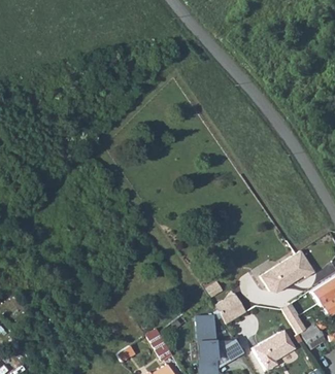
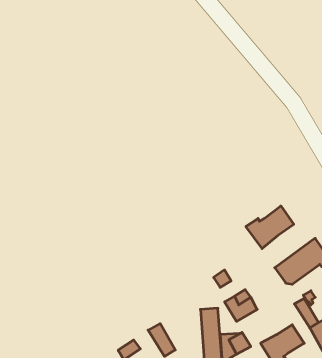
building: none -> [246,206,294,249]

